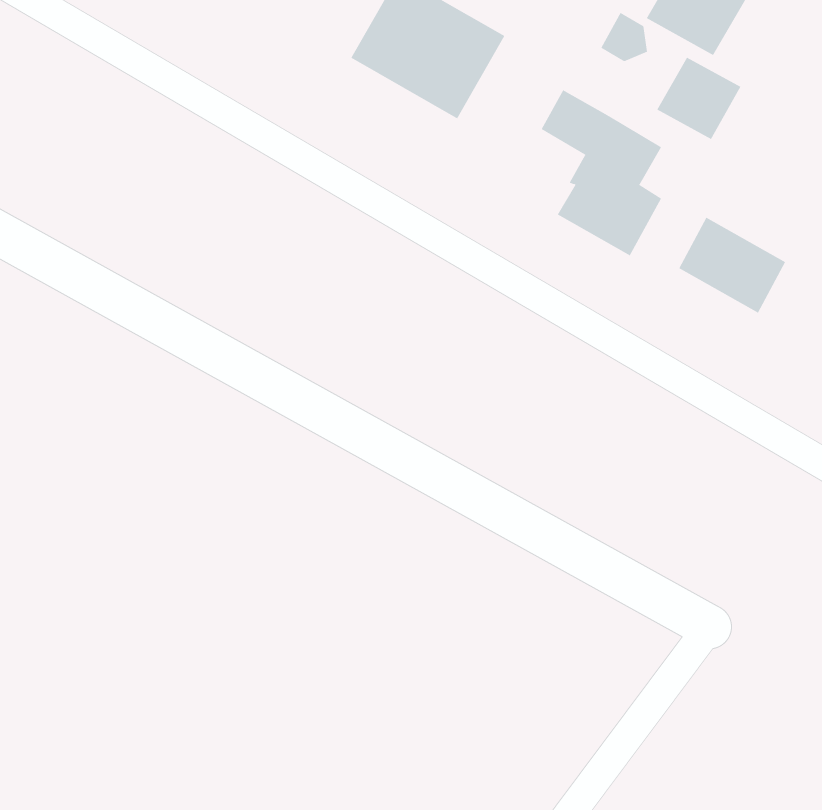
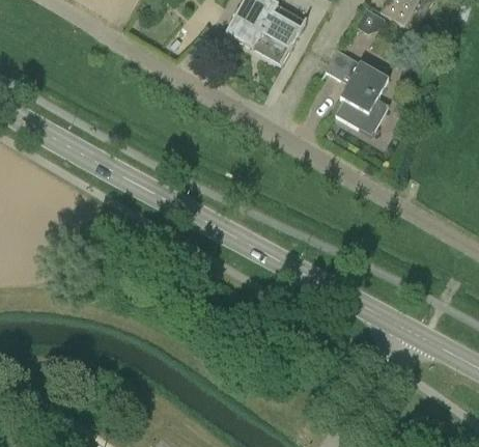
building: [657,57,741,140] -> none
building: [678,217,786,314] -> none

